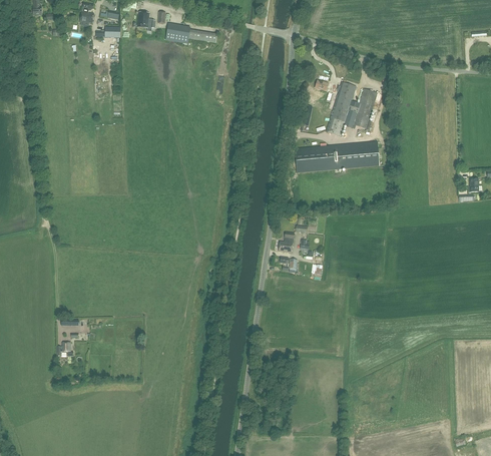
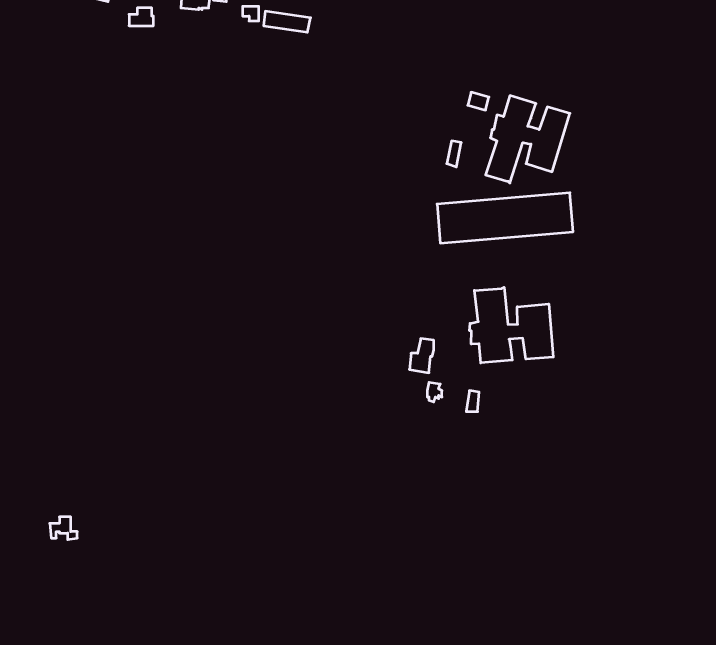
building: none -> [470,287,553,363]

